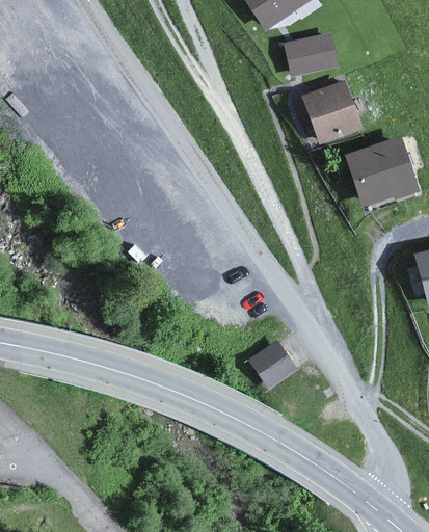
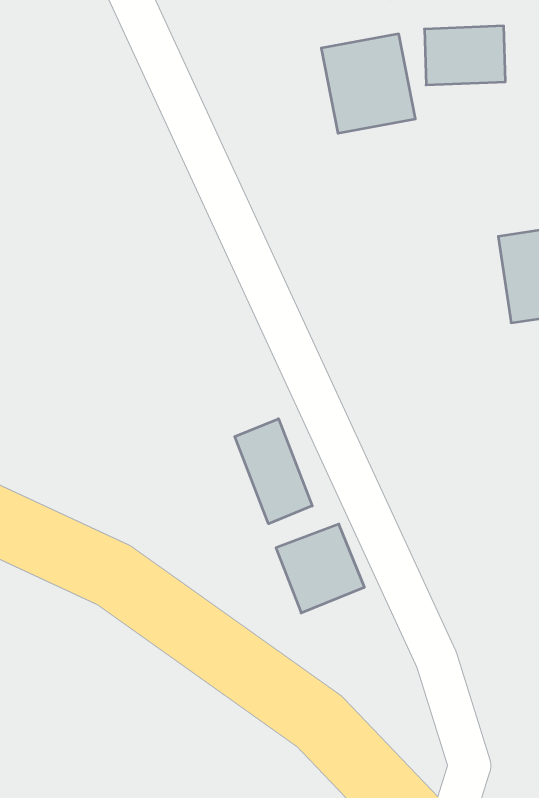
building: [301,80,363,143] -> [321,34,415,133]
building: none -> [235,419,312,524]

